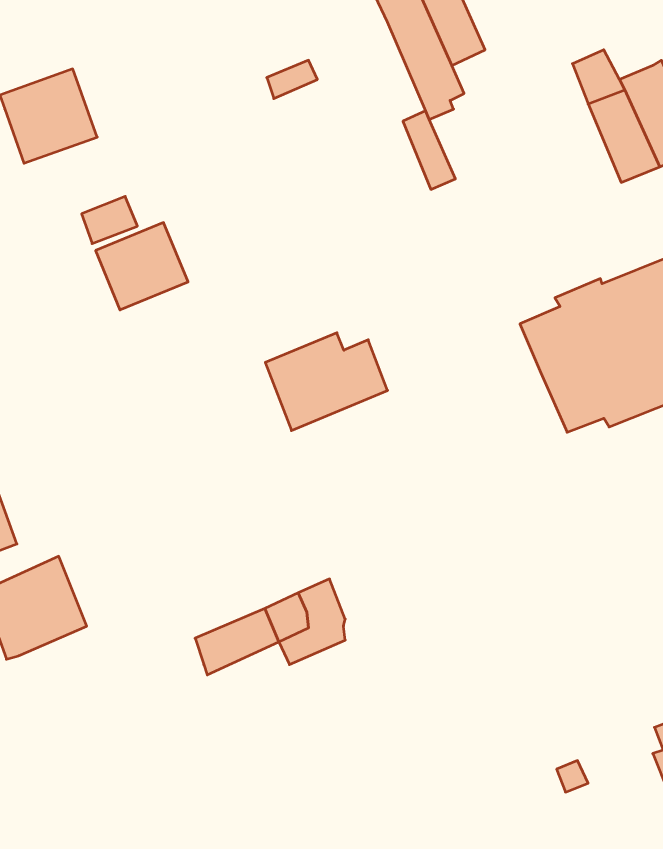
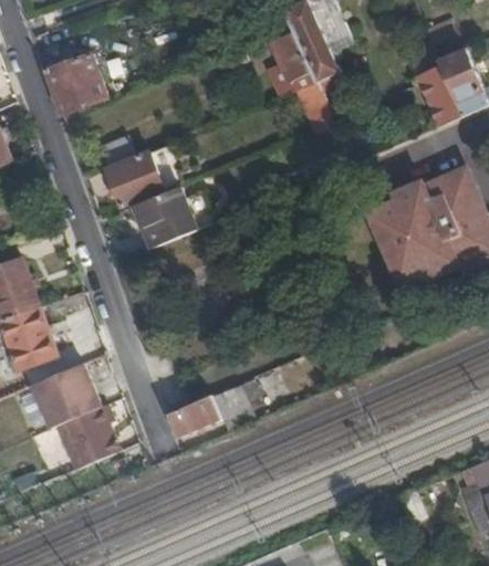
building: none -> [268,23,314,95]
building: [265,333,388,431] -> [134,186,211,248]
building: none -> [56,403,117,470]

